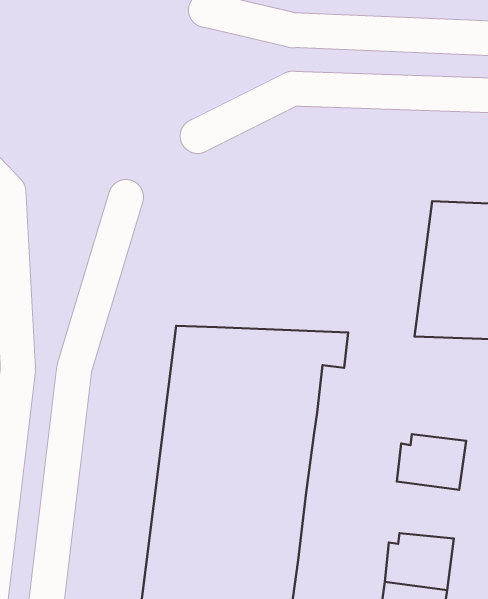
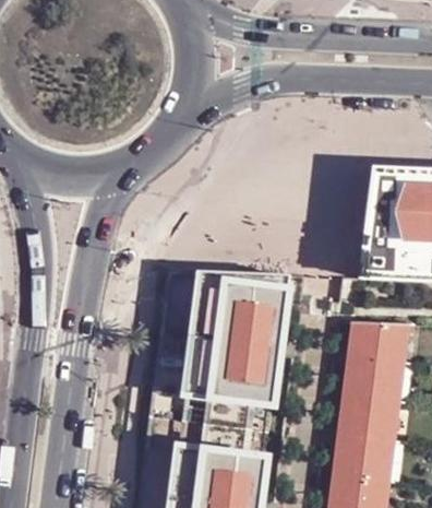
building: none -> [352,324,407,365]
building: none -> [343,398,397,444]

